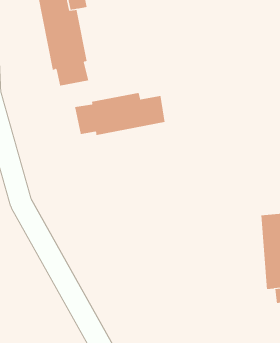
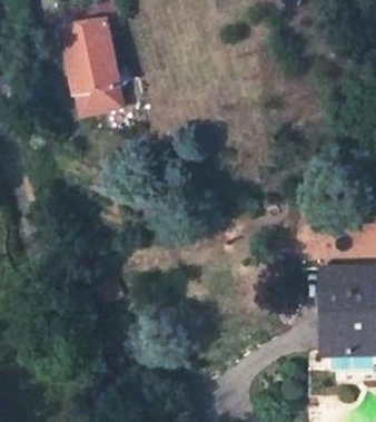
building: [75,92,165,136] -> none

